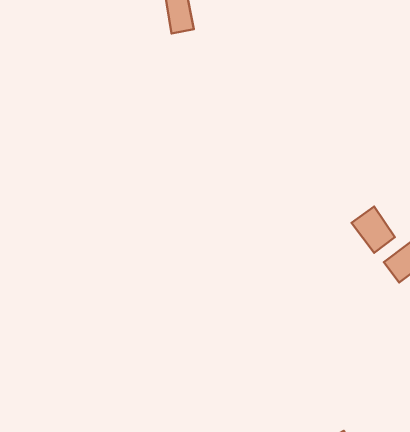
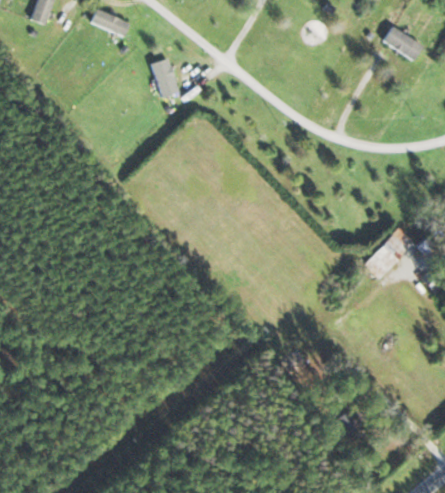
building: [352,206,395,253] -> none

